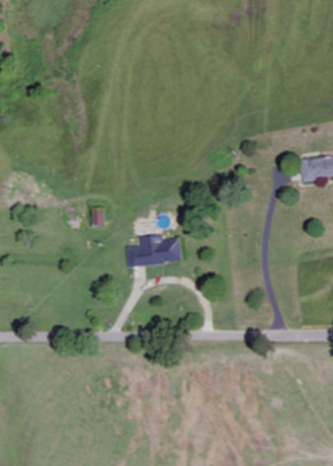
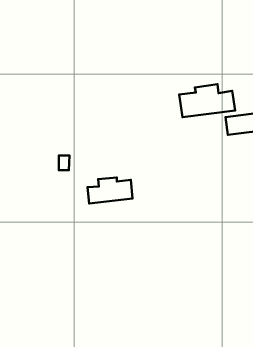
building: none -> [179,84,235,117]

